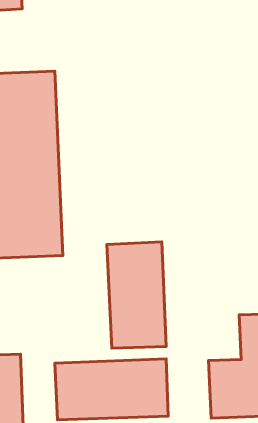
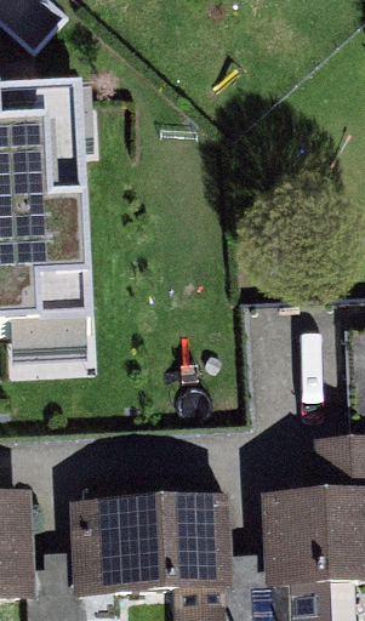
building: [107,242,166,348] -> none

